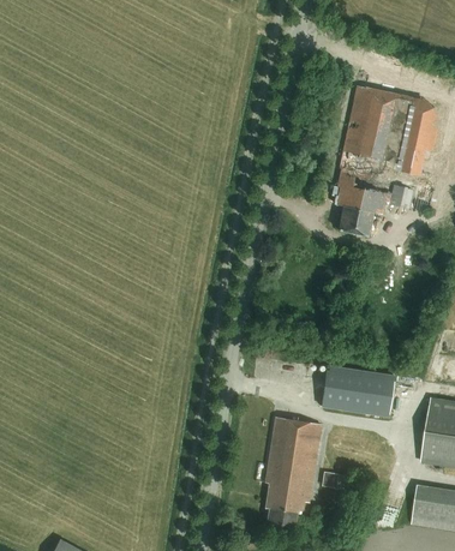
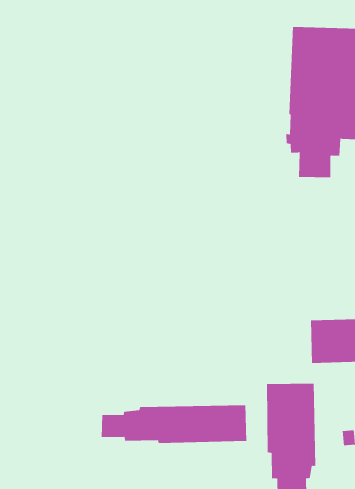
building: none -> [101,404,247,444]

